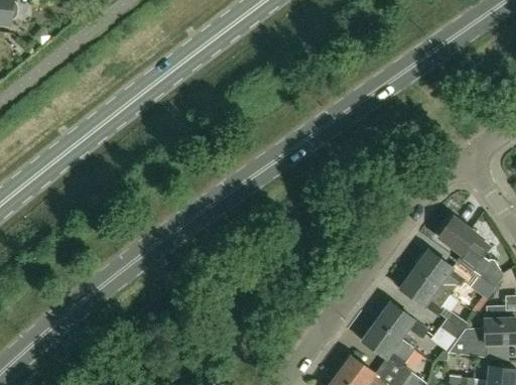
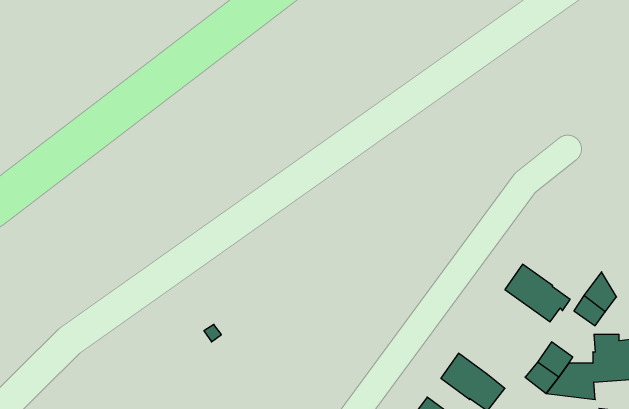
building: [437,217,489,269] -> none
building: [399,269,449,315] -> none
building: [376,301,427,338] -> none

